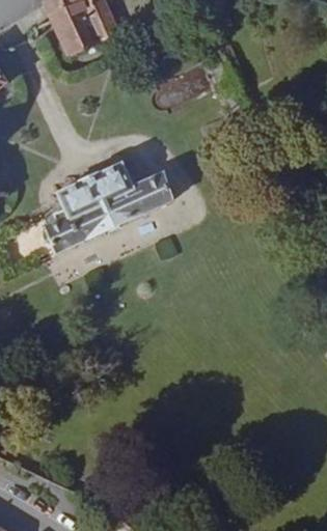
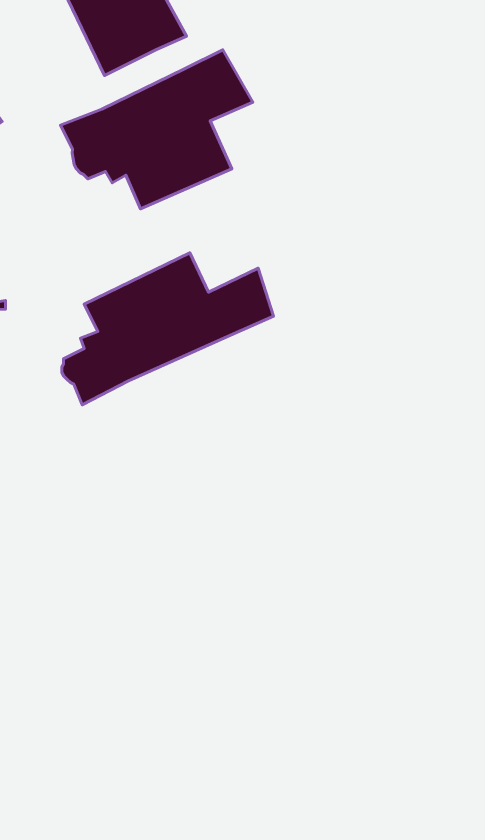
building: none -> [61,50,253,209]

